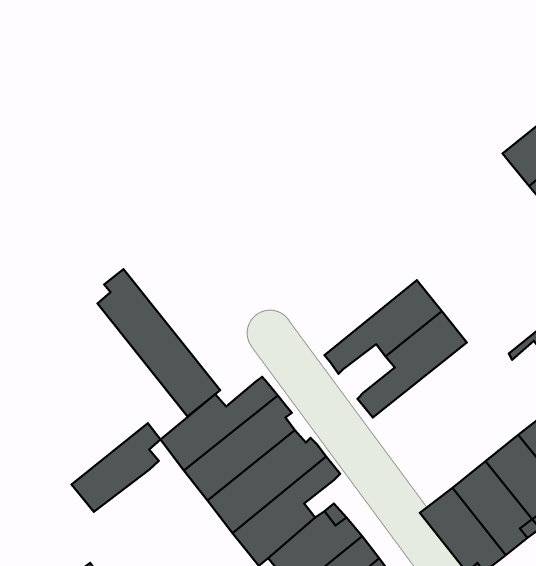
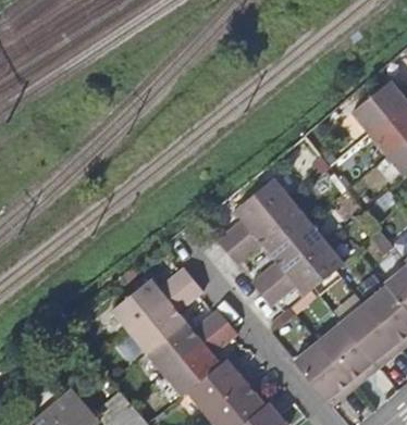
building: none -> [219,176,293,250]
building: [97,269,220,417] -> none
building: none -> [262,241,345,307]
building: [72,423,161,512] -> none

